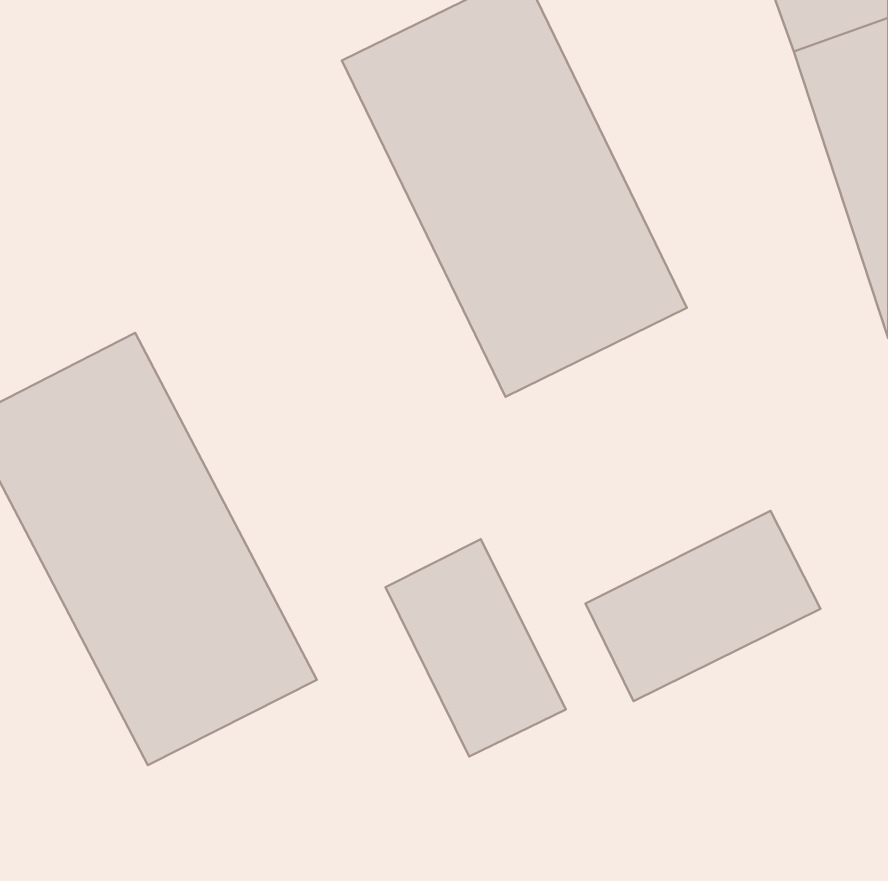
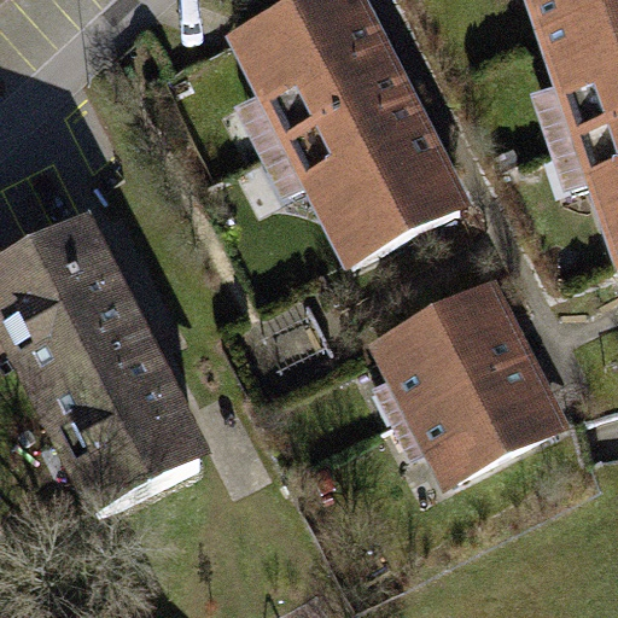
building: none -> [366,286,523,409]
building: [385,539,566,756] -> none

